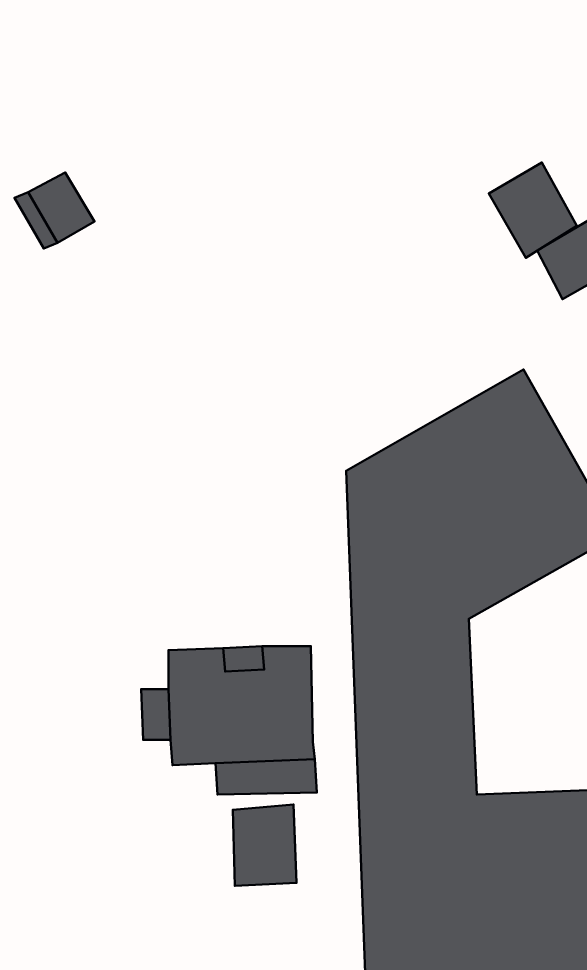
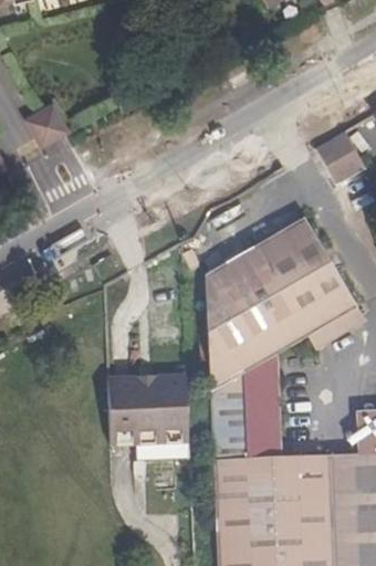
building: [489,163,577,258] -> none
building: [233,805,296,886] -> none

